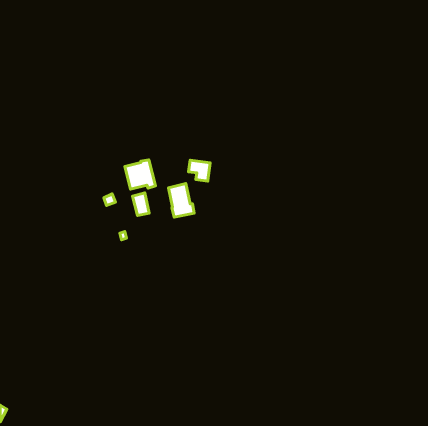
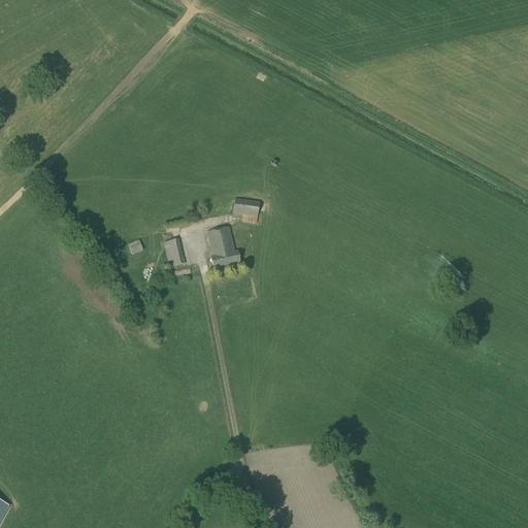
building: [125,160,155,189] -> none

